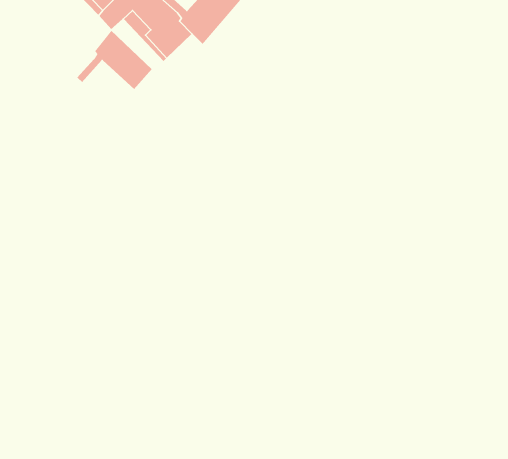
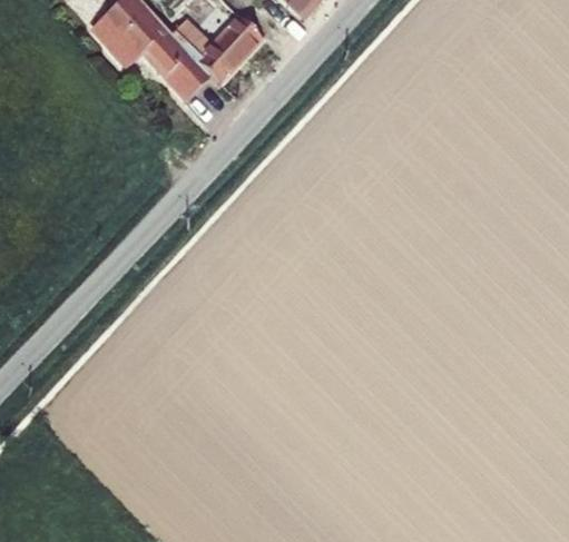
building: [77,30,153,90] -> none

